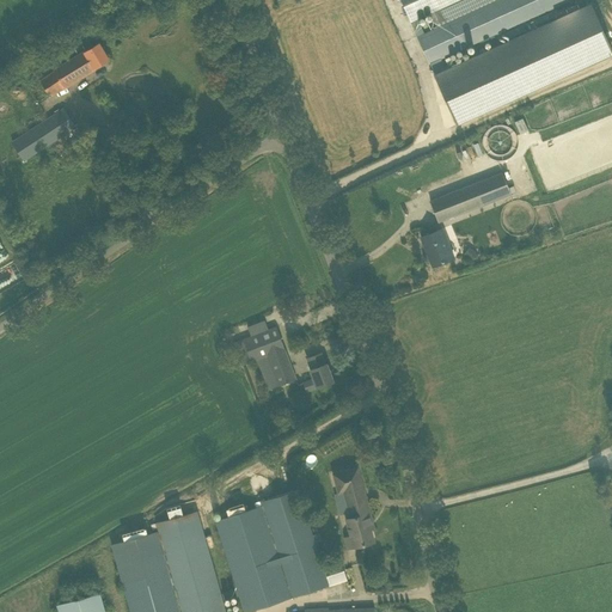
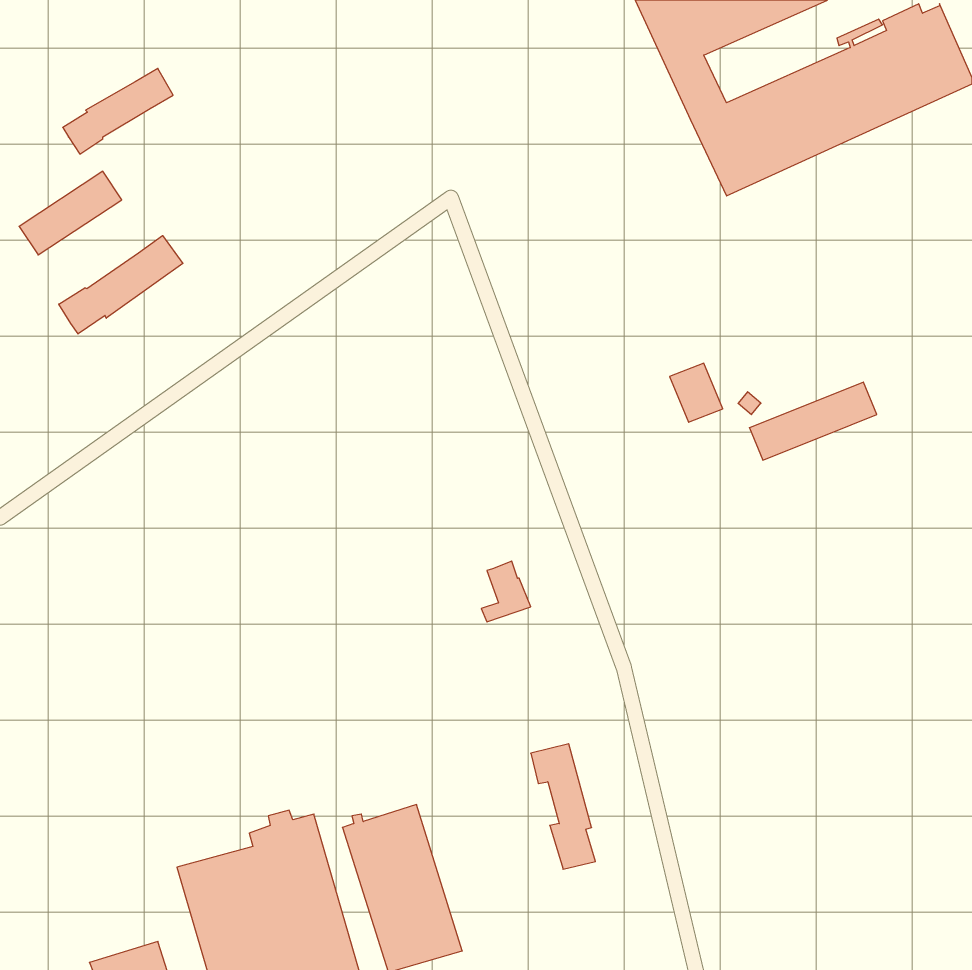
building: none -> [59,236,183,334]
building: [430,173,510,222] -> [749,382,877,460]
building: [233,320,296,391] -> none
building: [261,490,347,599] -> none

